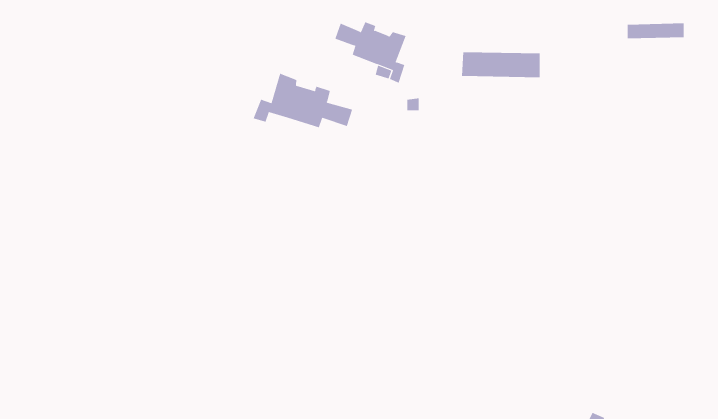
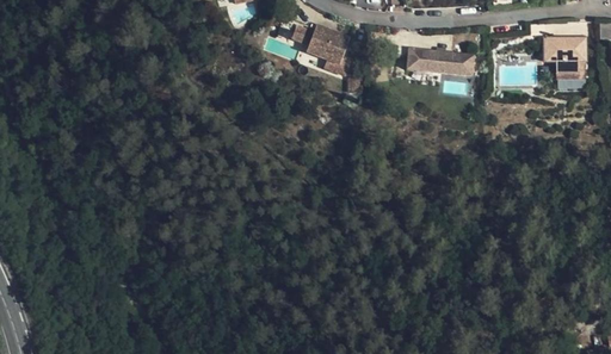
building: none -> [541,42,586,81]
building: [253,73,353,128] -> none

